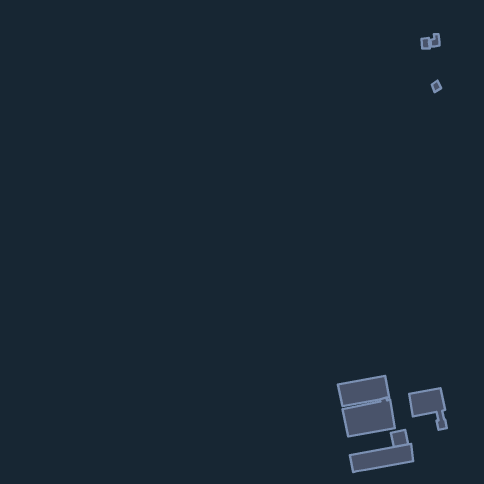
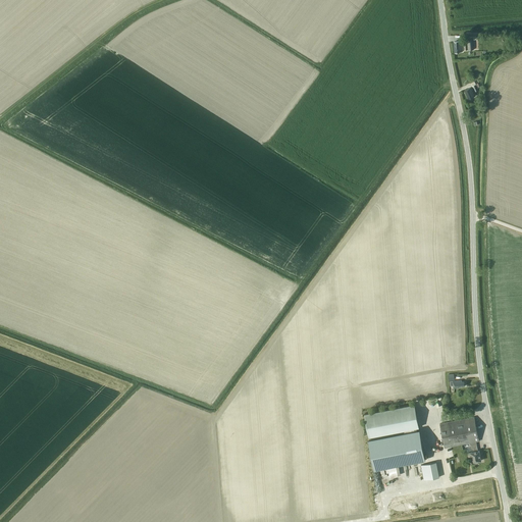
building: [350,444,413,472] -> none

